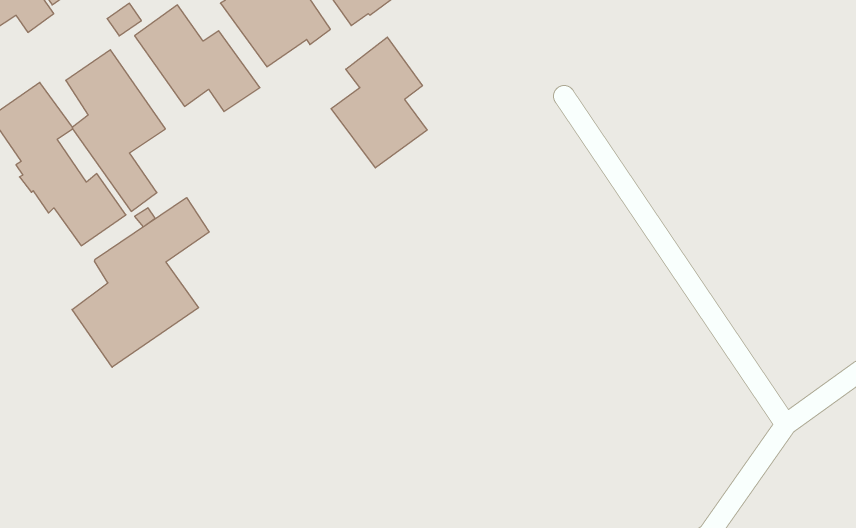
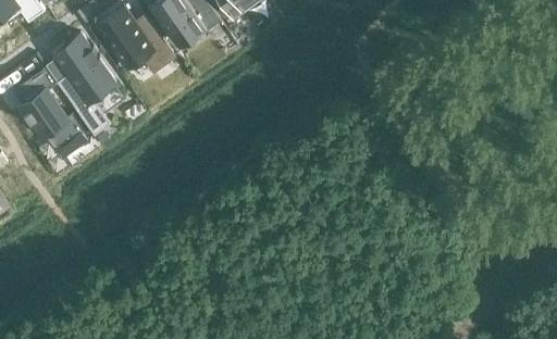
building: [331,37,427,168] -> none
building: [72,198,209,367] -> none

